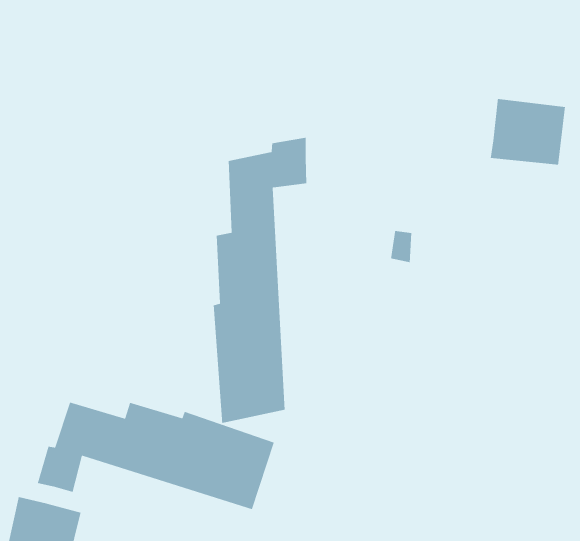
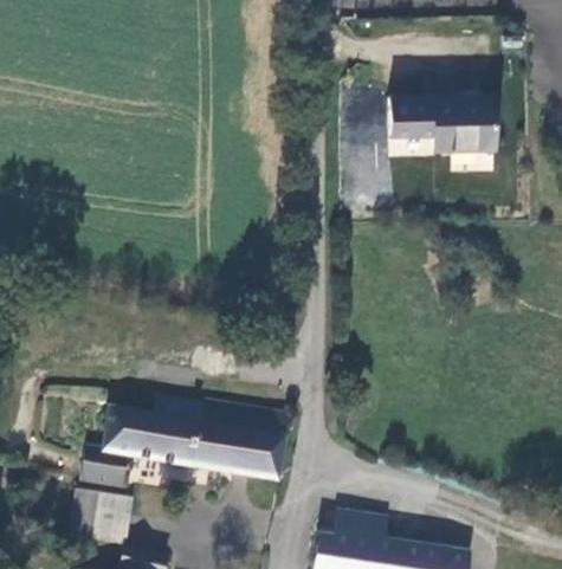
building: none -> [386,99,437,137]
building: [213,137,307,424] -> none

